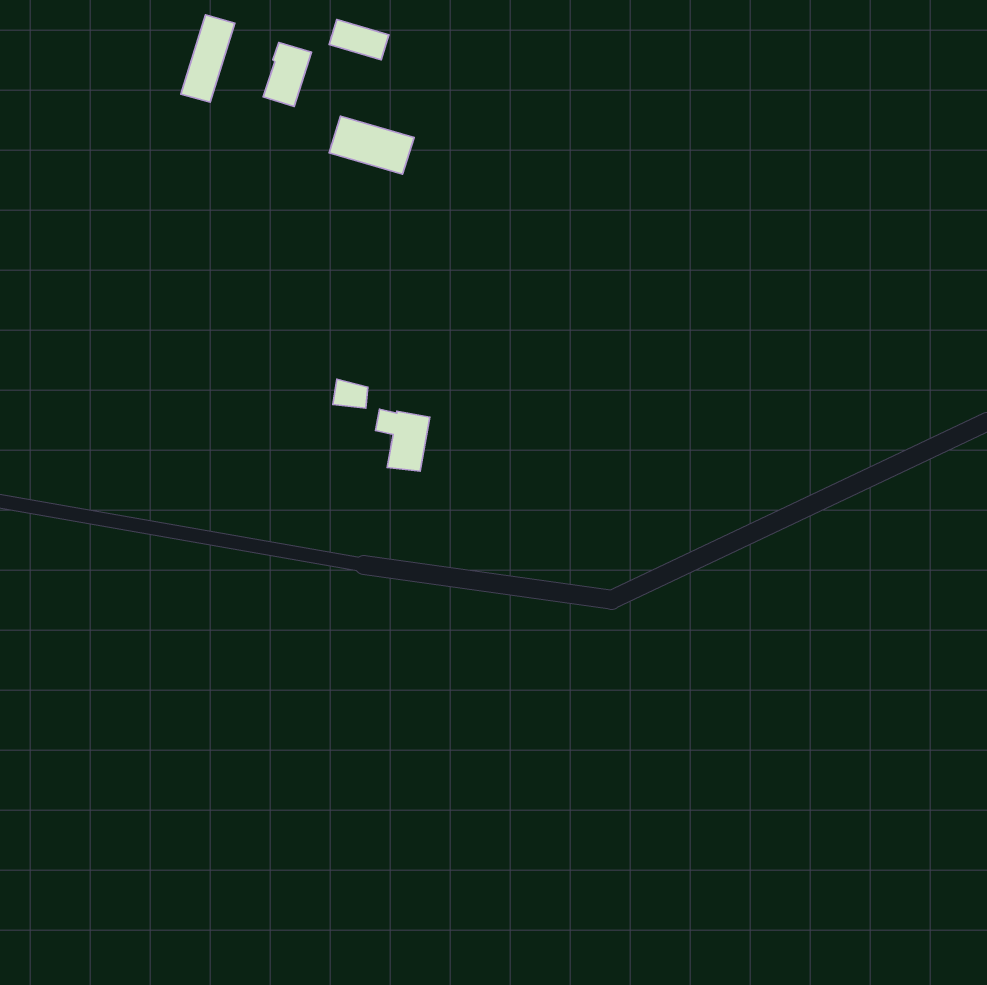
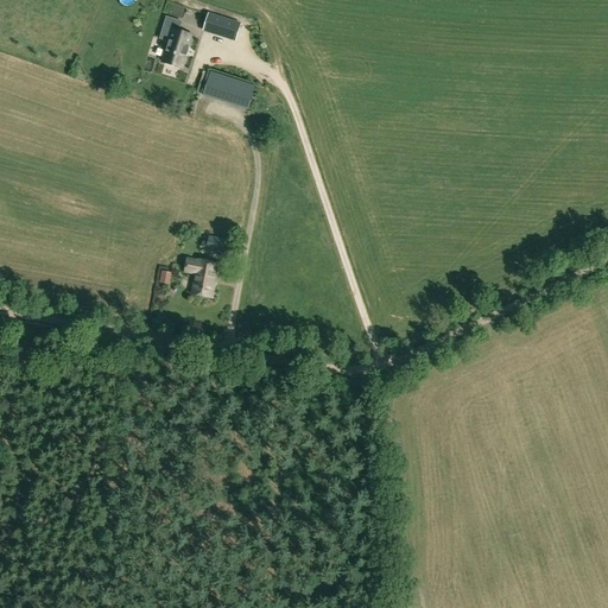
building: [181,15,235,102] -> none
building: [376,409,430,471] -> [183,256,216,294]

